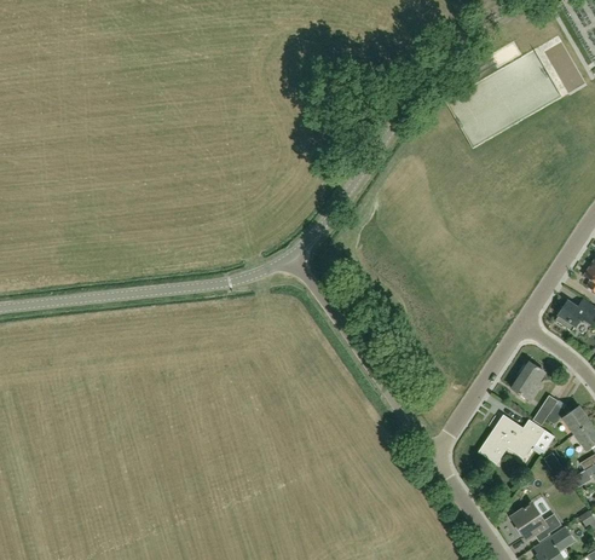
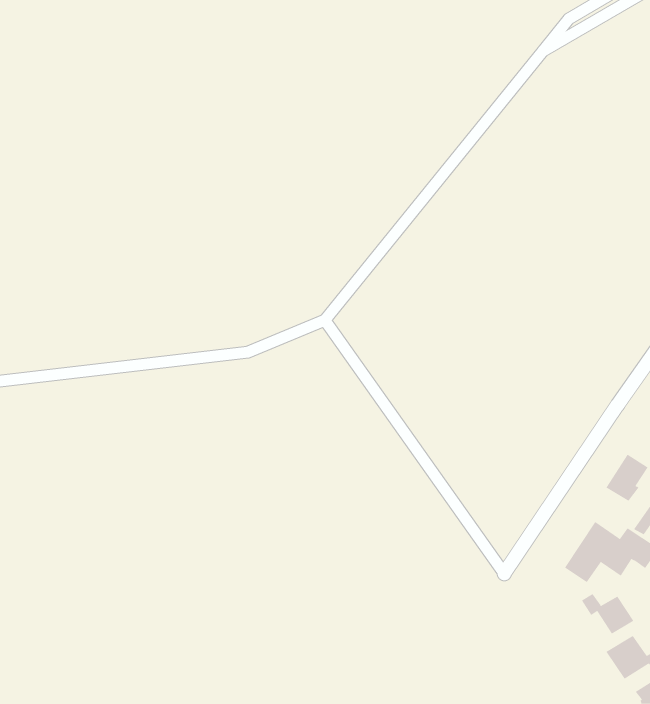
building: none -> [581,593,634,635]

